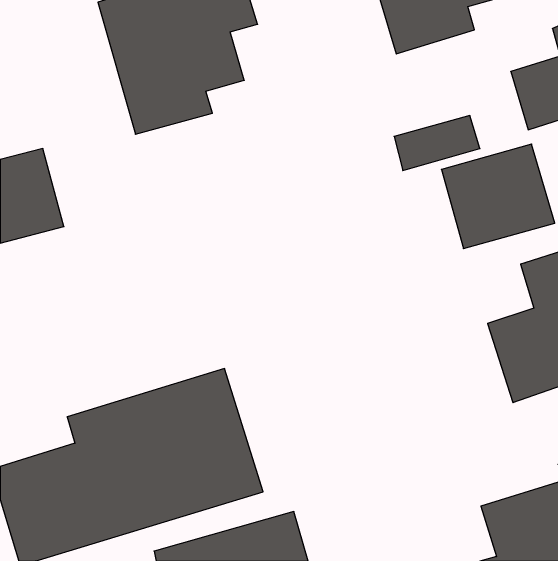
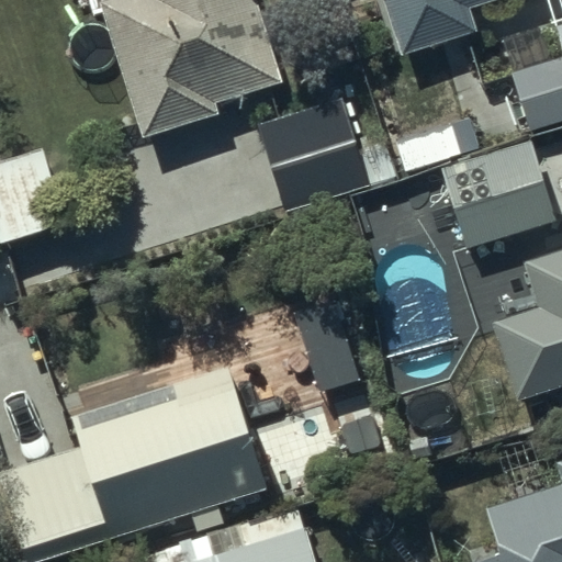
building: none -> [259,103,357,211]

